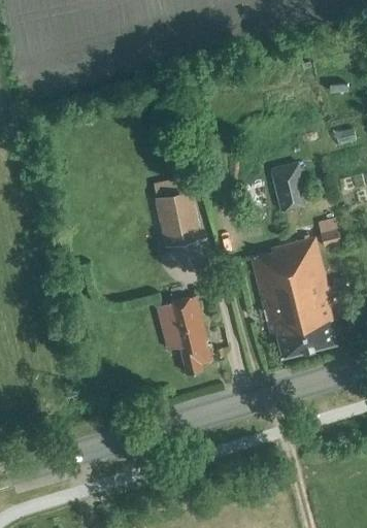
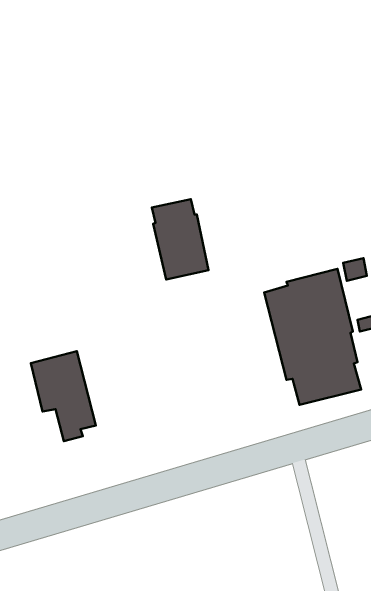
building: [271,164,309,210] -> none
building: [157,296,213,374] -> [31,351,96,441]

